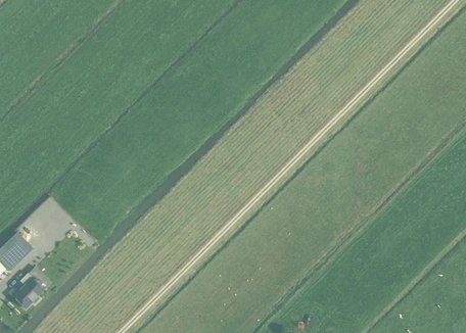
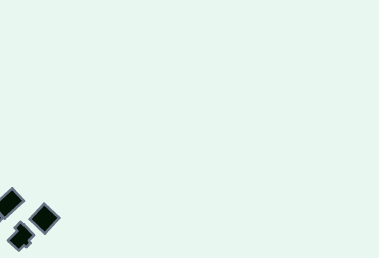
building: none -> [30,204,59,234]

